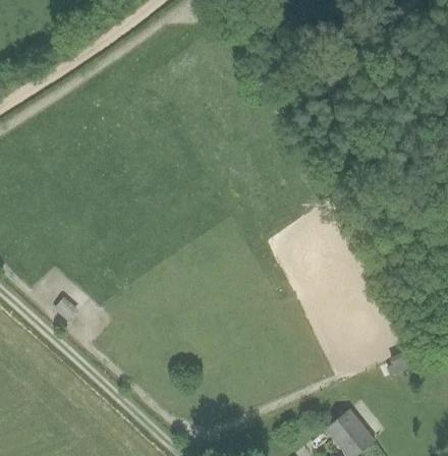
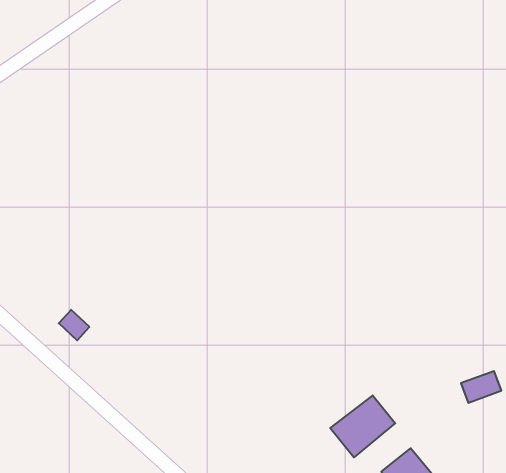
building: none -> [330,395,395,457]

